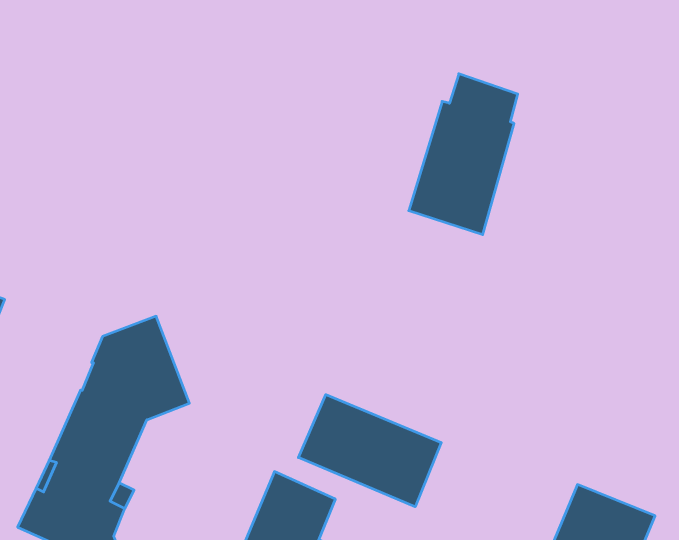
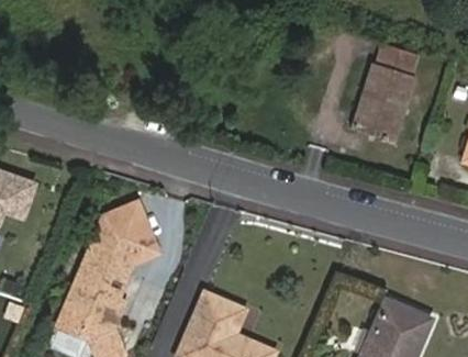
building: [409,74,518,235] -> [354,44,419,140]
building: [298,395,441,507] -> none

